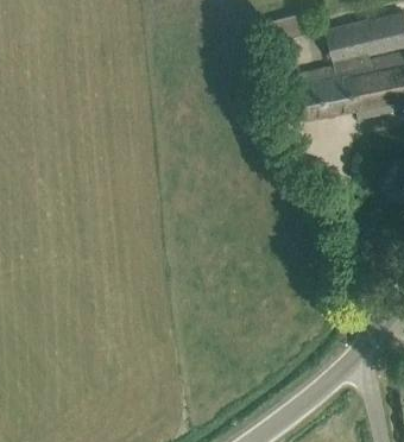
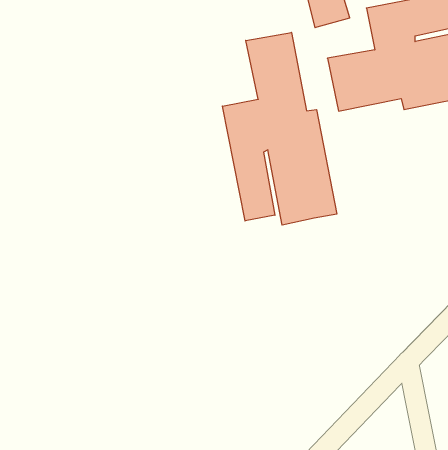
building: none -> [222,32,337,225]

